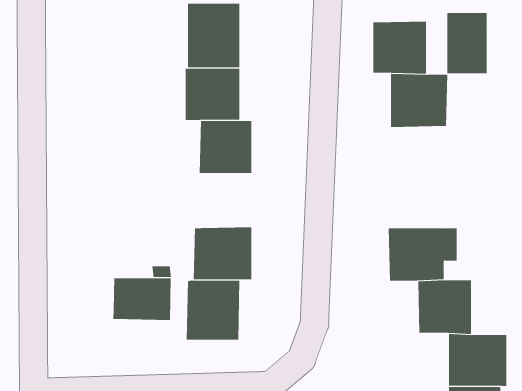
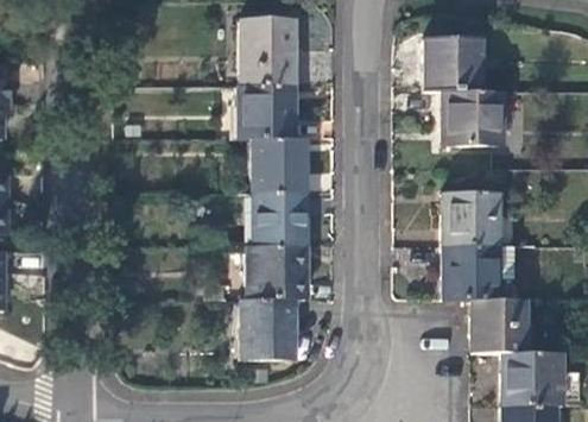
building: [447,12,487,74] -> none
building: none -> [252,191,305,246]
building: none -> [442,194,499,246]
building: [113,278,171,321] -> none

